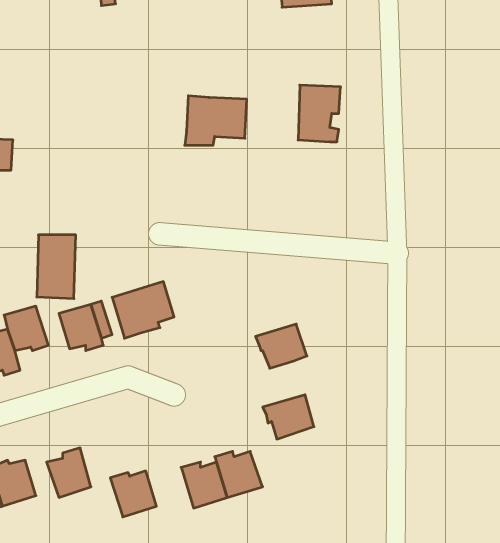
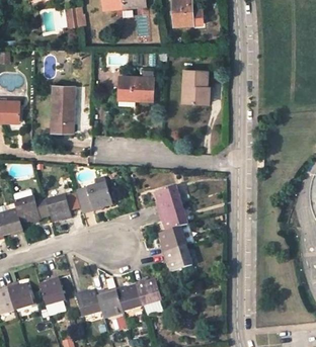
building: [37,235,76,299] -> [53,86,75,122]
building: none -> [154,186,182,213]
building: none -> [159,228,187,254]
building: none -> [97,290,124,318]

